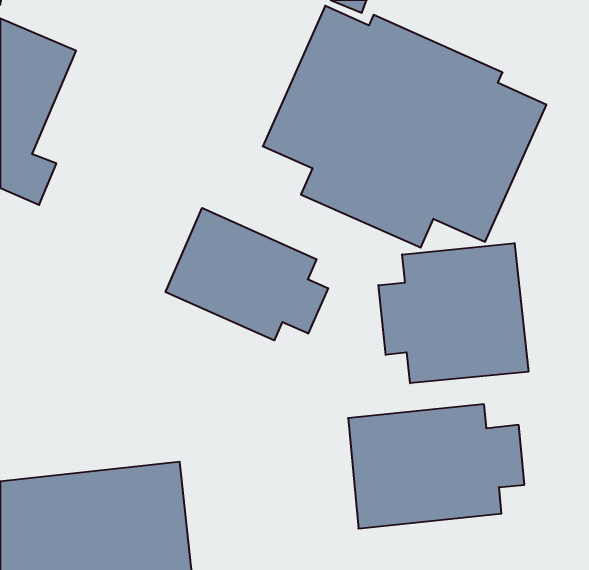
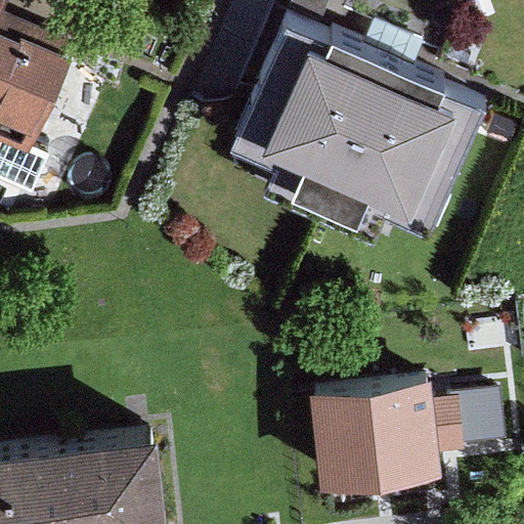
building: [166,208,328,340] -> none
building: [378,243,528,383] -> none

